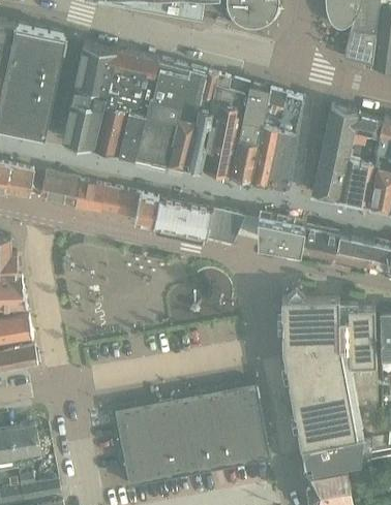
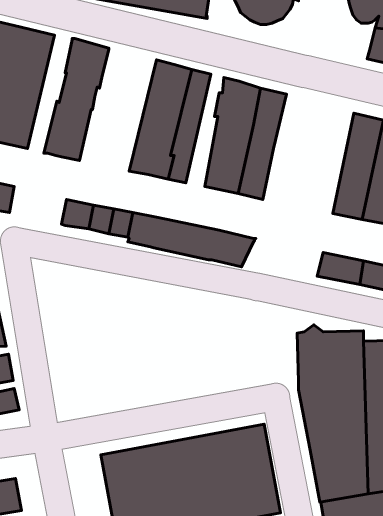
building: [91,50,158,157] -> none
building: [184,72,217,170] -> none
building: [251,90,304,189] -> none
building: [41,175,80,203] -> none
building: [257,218,304,249] -> none

